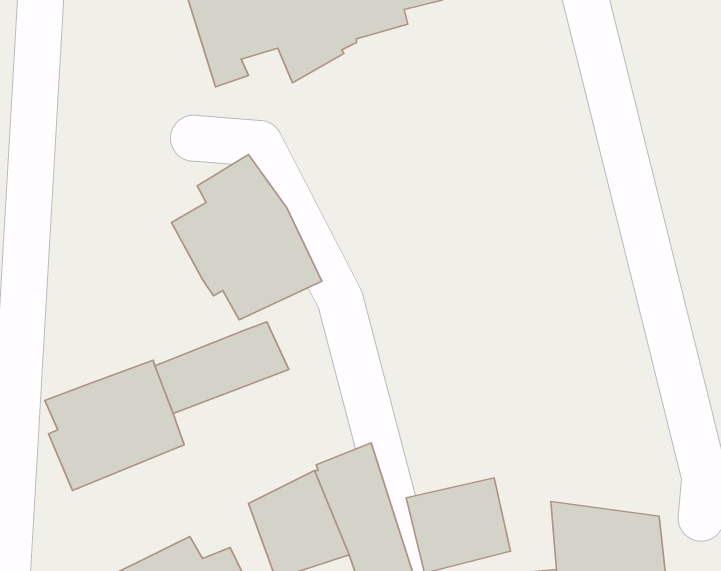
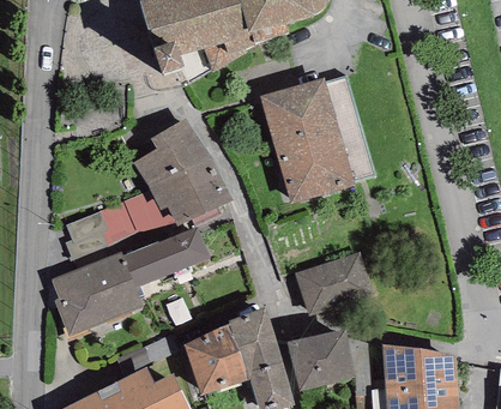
building: none -> [259,76,375,204]
building: none -> [65,193,180,269]
building: none -> [294,252,373,315]

